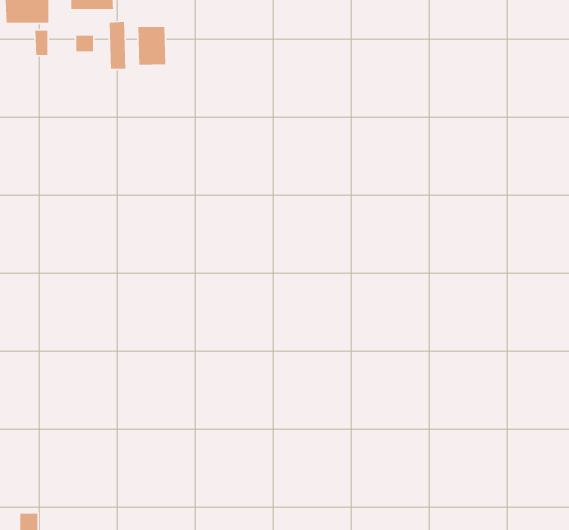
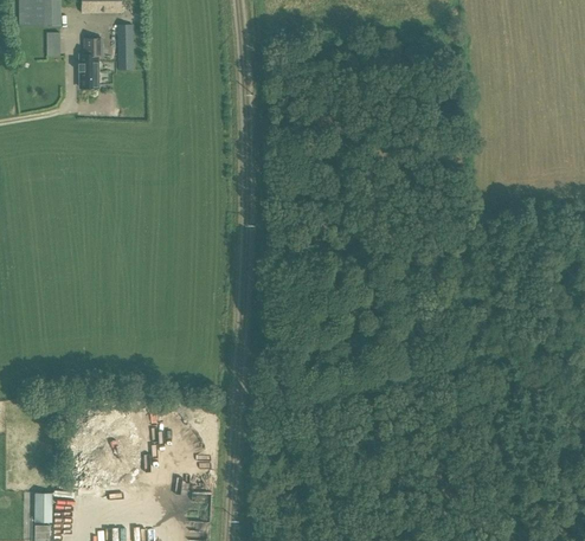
building: [137,26,166,65] -> none
building: none -> [79,53,98,88]

